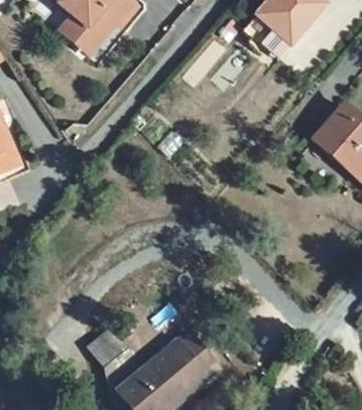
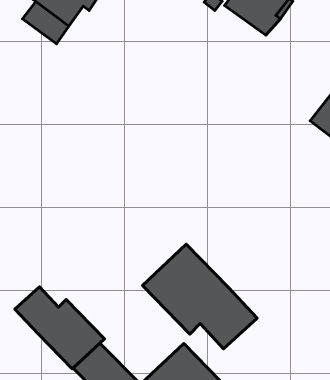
building: none -> [142,244,257,349]
building: none -> [15,287,104,369]

